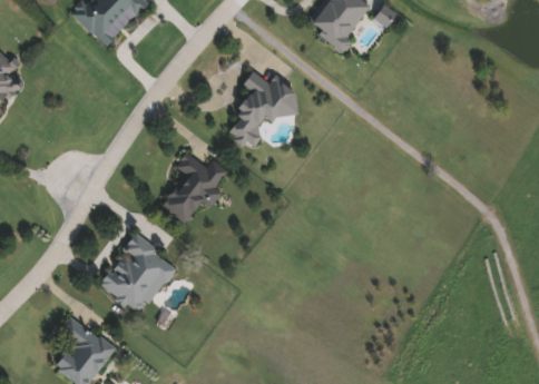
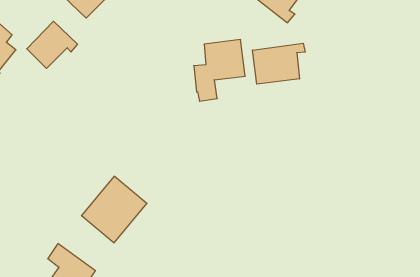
building: none -> [27,21,78,68]
building: none -> [252,43,305,84]
building: [161,152,228,224] -> none

